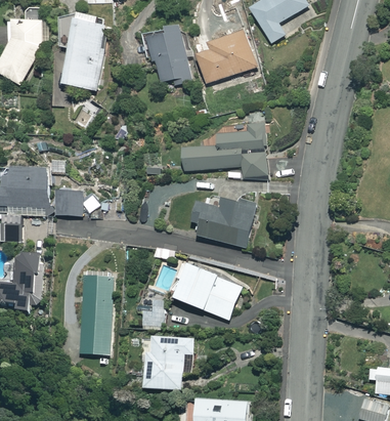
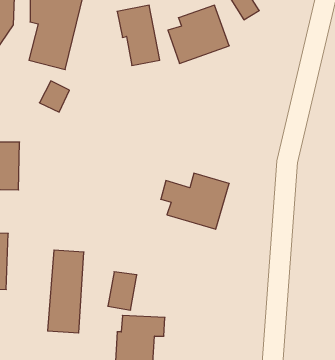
building: [181,119,269,179] -> none
building: [55,185,84,214] -> none
building: [172,260,243,319] -> none

